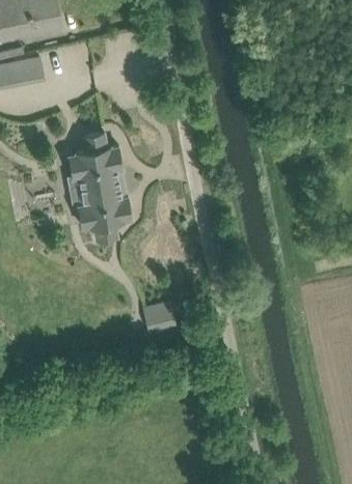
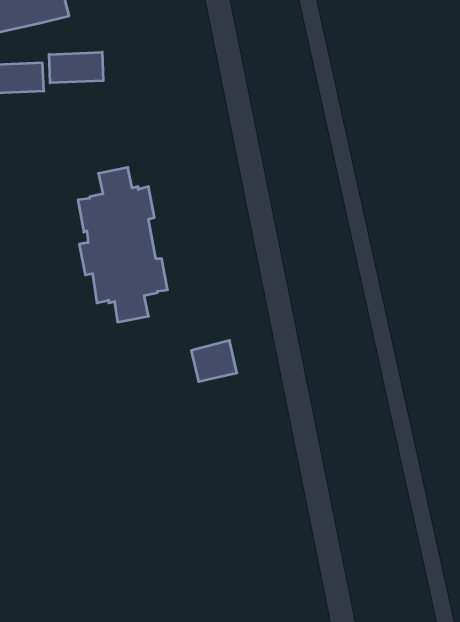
building: none -> [49,52,103,83]
building: [142,303,174,332] -> [191,340,237,382]

